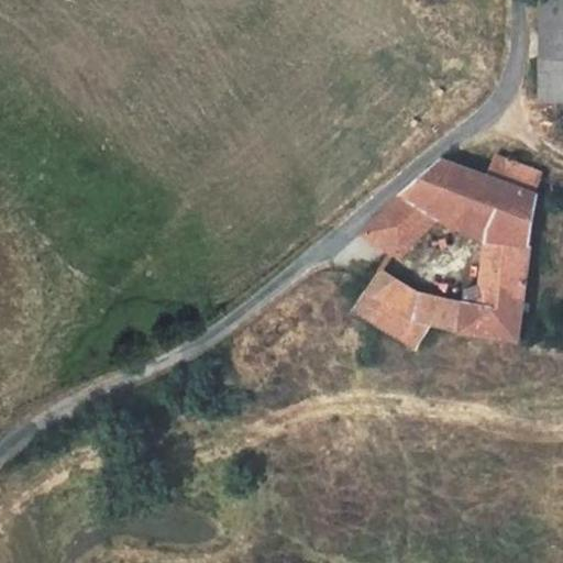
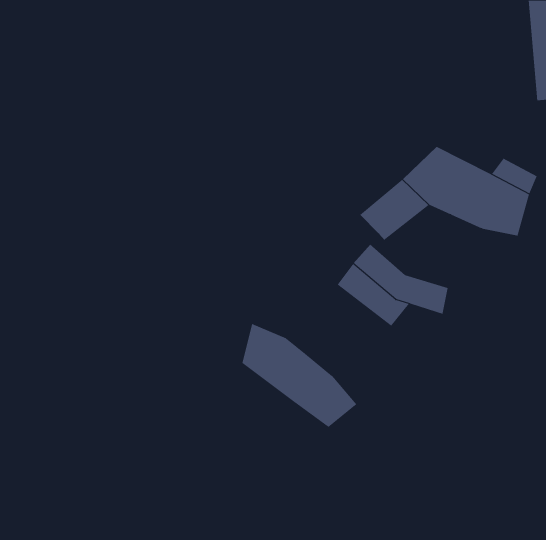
building: [456,243,533,345] -> none
building: none -> [242,323,357,428]

